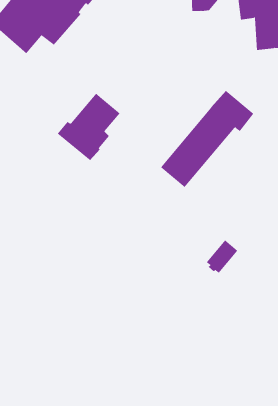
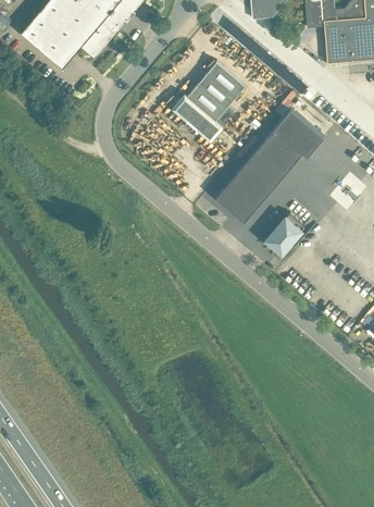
building: [57,93,120,161] -> [172,60,245,138]
building: [206,239,238,274] -> [266,212,303,251]

